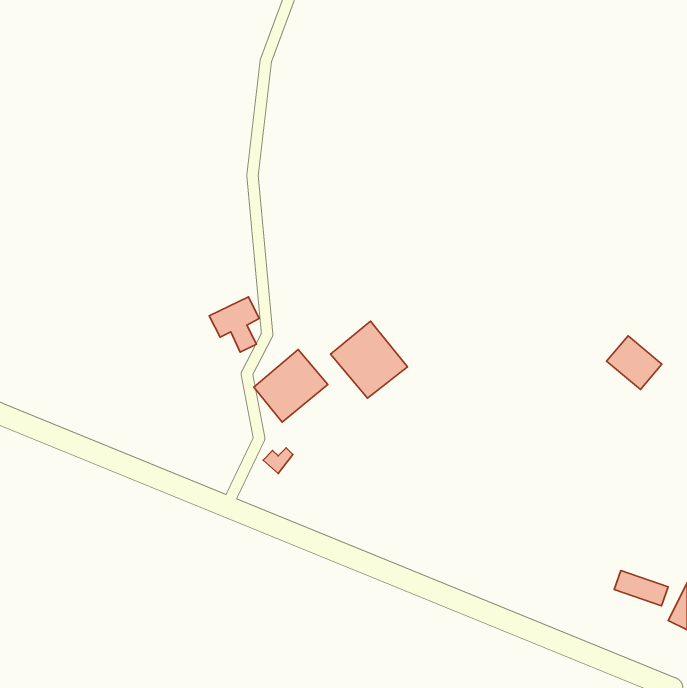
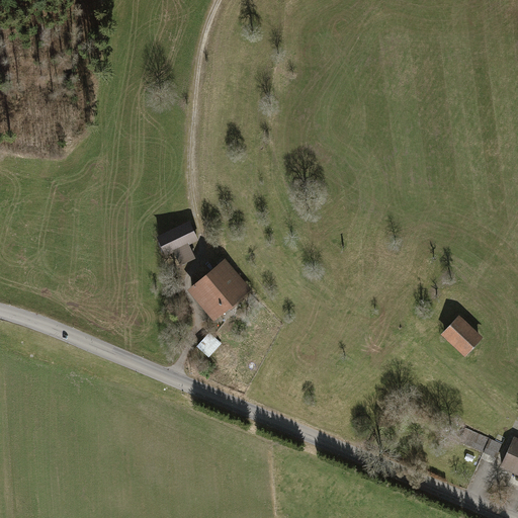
building: [331,321,408,398] -> none
building: [607,336,662,390] -> [442,315,484,355]

